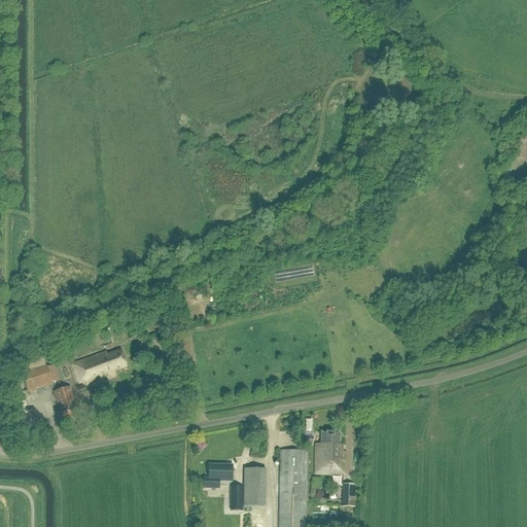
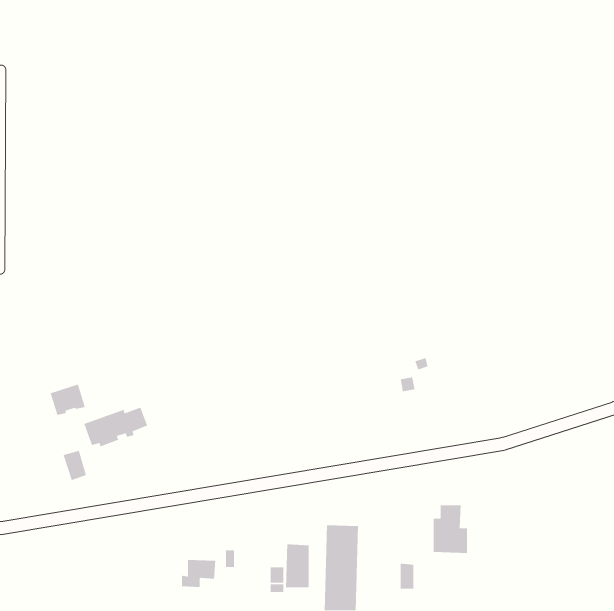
building: [23,362,54,390] -> [50,383,86,416]
building: [316,430,346,472] -> [433,505,468,554]
building: [204,462,234,487] -> [181,559,216,588]

